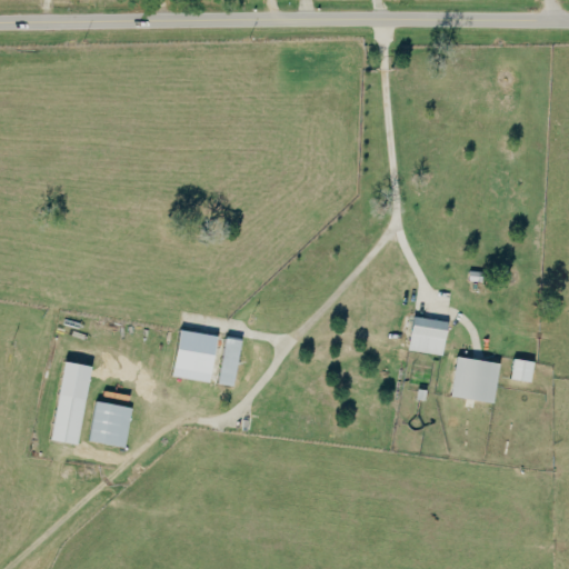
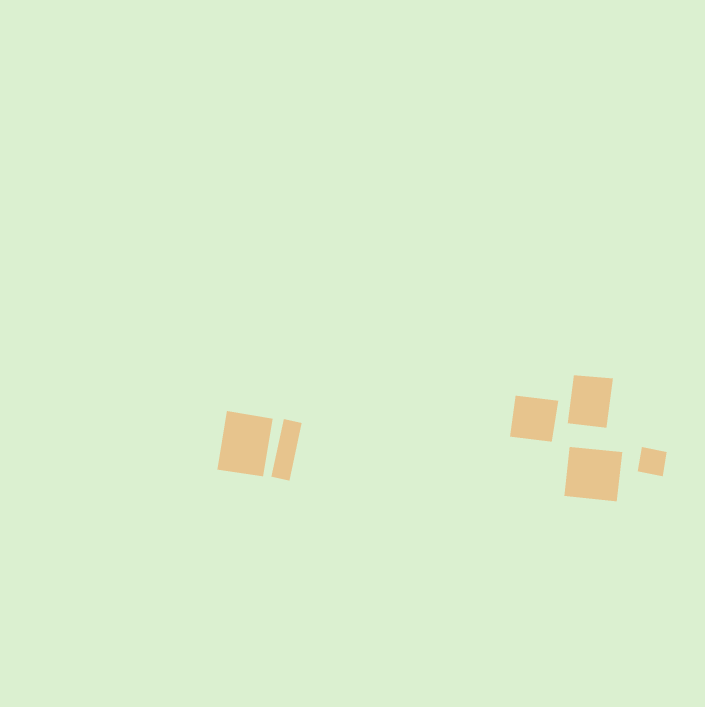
building: none -> [567,374,613,429]
building: [51,362,91,446] -> none
building: [89,401,130,447] -> none

